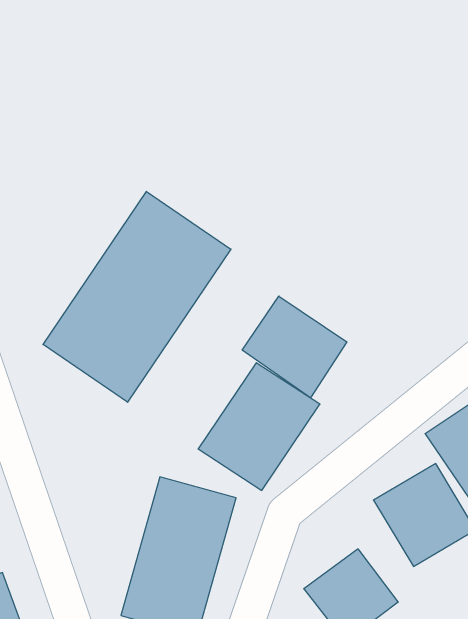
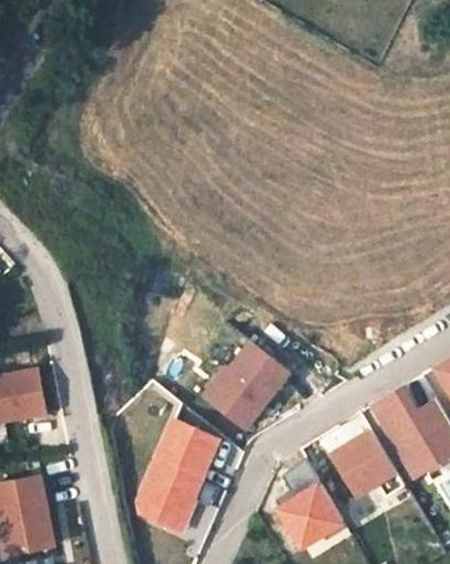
building: [43,191,231,402] -> none
building: [242,296,347,398] -> none

